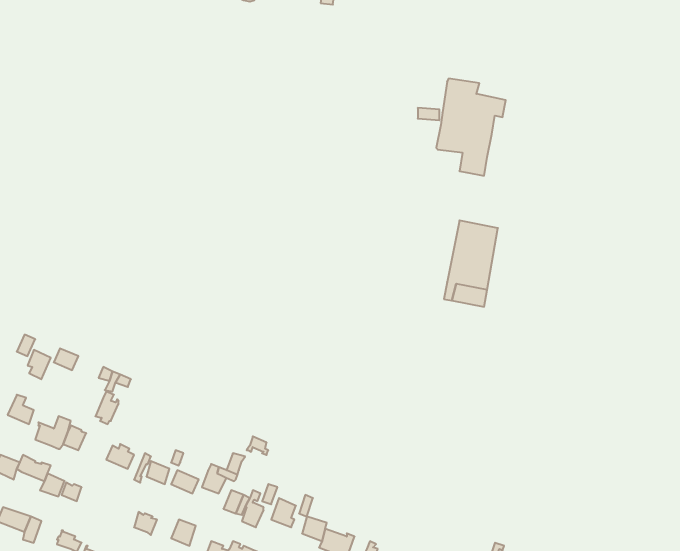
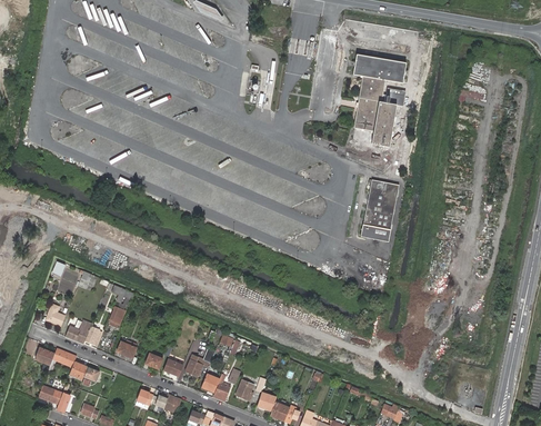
building: none -> [352,53,407,83]

